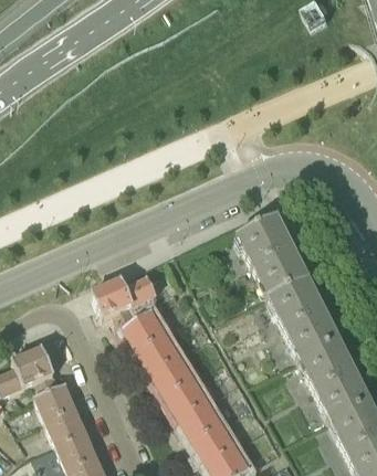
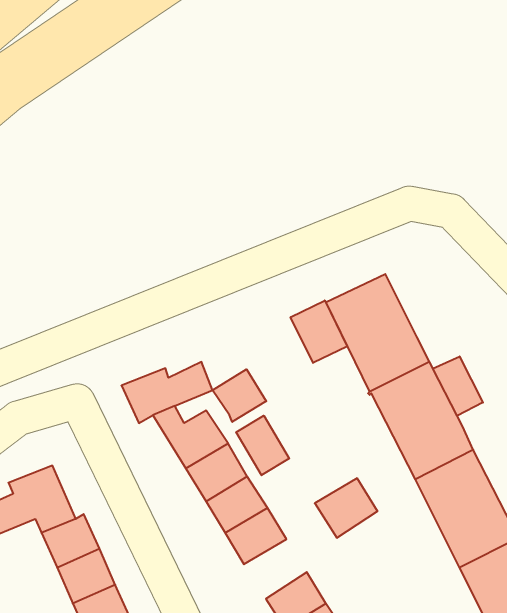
building: none -> [291,300,347,363]
building: none -> [433,356,483,416]
building: none -> [212,369,266,422]
building: none -> [236,416,289,475]
building: [178,401,222,443] -> [315,478,378,538]

